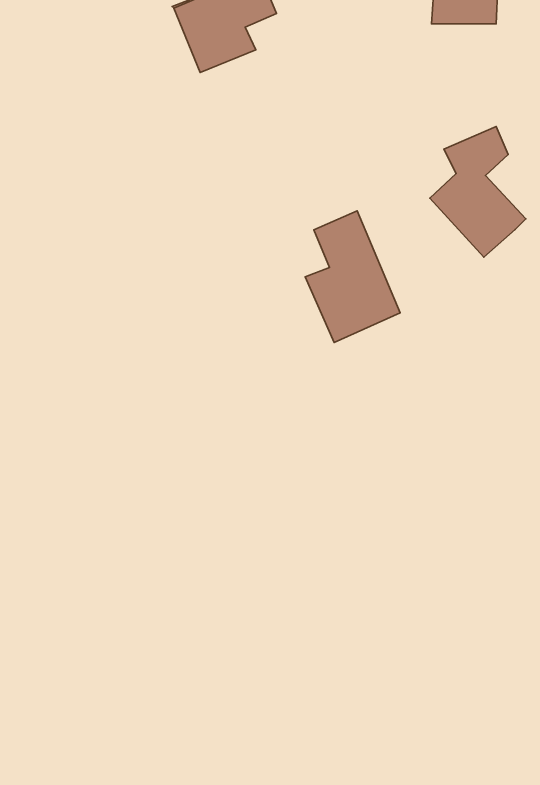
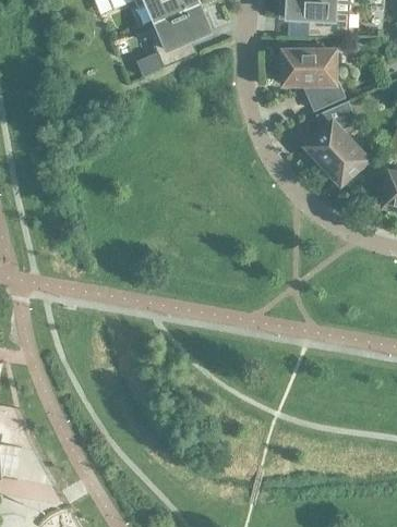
building: none -> [276,47,342,112]
building: [305,211,400,342] -> none

